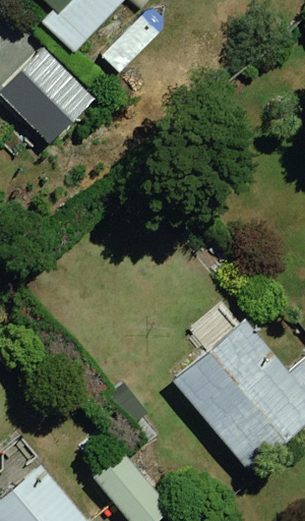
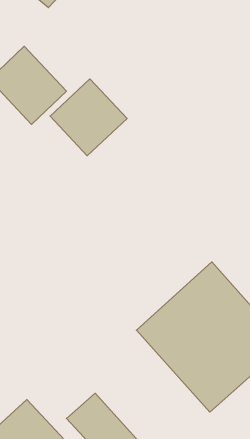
building: none -> [50,79,127,156]

